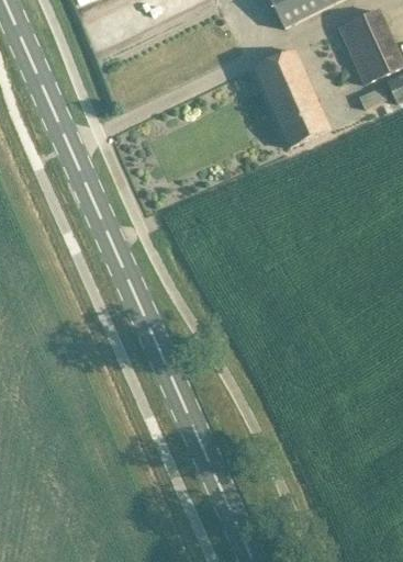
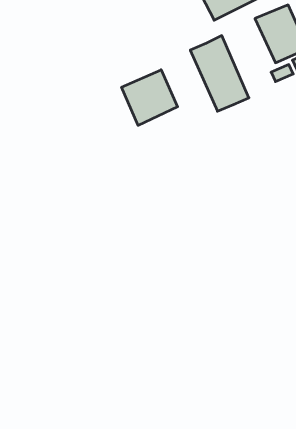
building: none -> [122,70,178,125]

